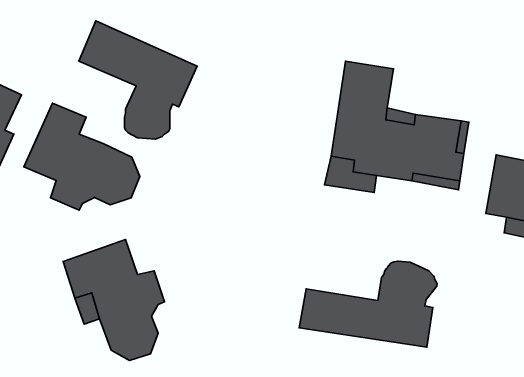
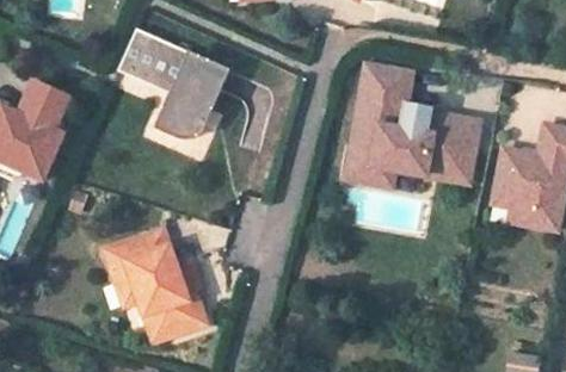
building: [24,103,140,210] -> none
building: [299,261,437,347] -> none

